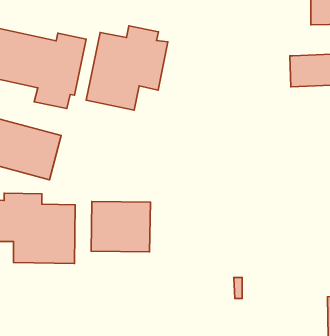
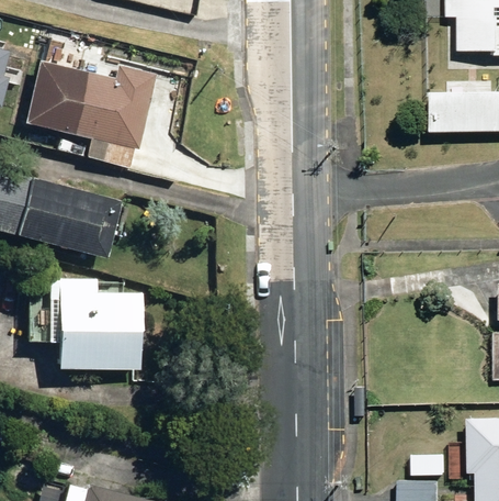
building: [86,26,168,110] -> none
building: [91,201,151,252] -> none

